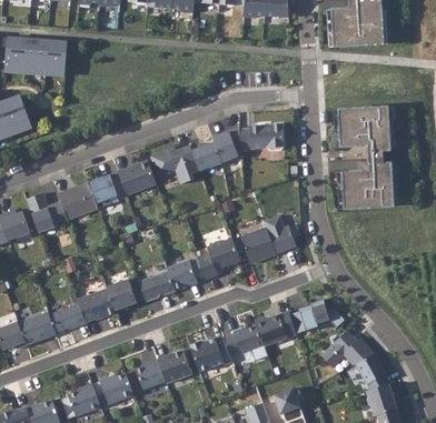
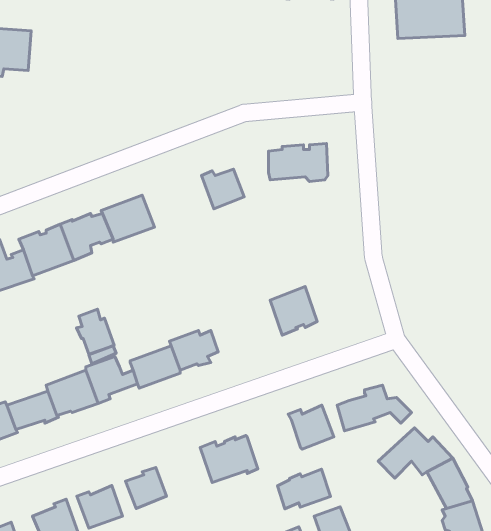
building: [338,107,393,209] -> none
building: [211,127,239,162] -> none
building: [149,145,199,184] -> none
building: [264,215,296,253] -> none
building: [196,238,239,280] -> none
building: none -> [76,309,114,354]
building: [224,325,262,354] -> [277,469,331,509]
building: [157,350,190,383] -> none

